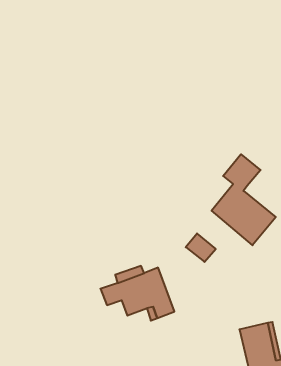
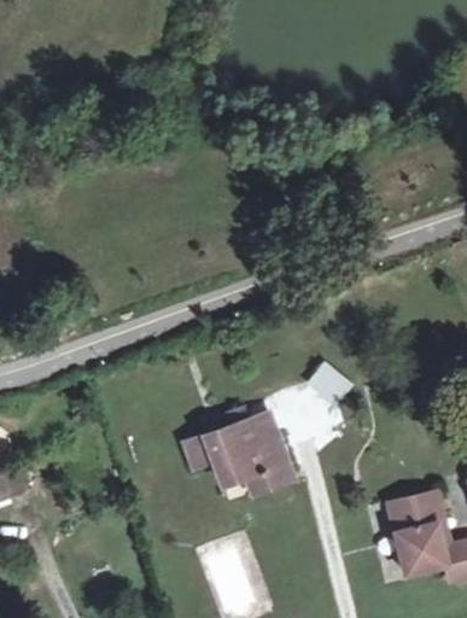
building: [212,154,276,245] -> none

